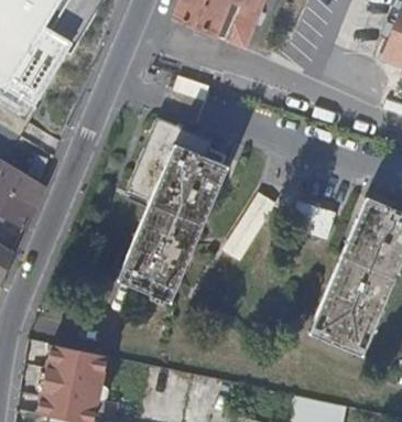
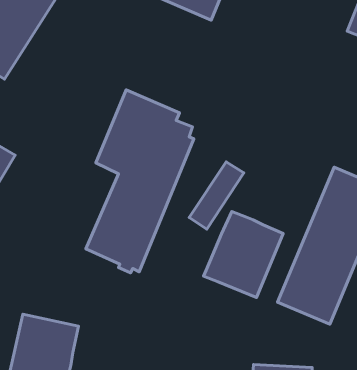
building: none -> [203,212,283,298]

